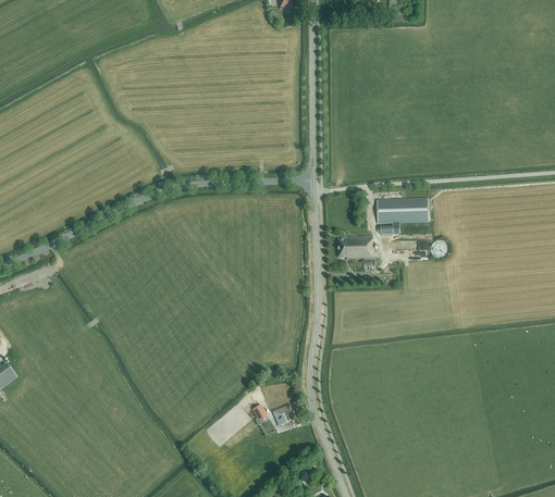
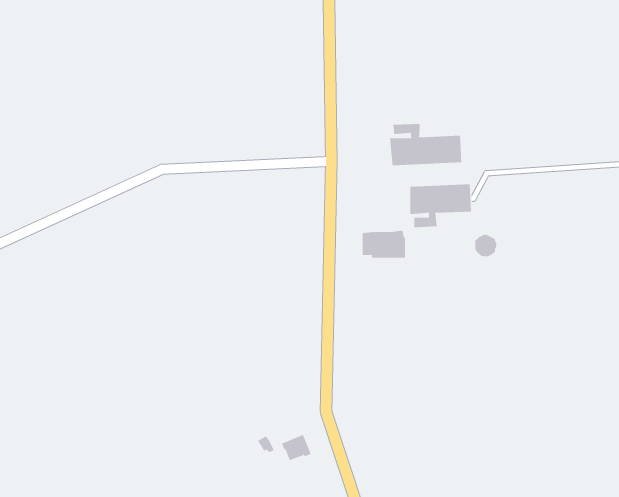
building: none -> [389,123,462,166]

